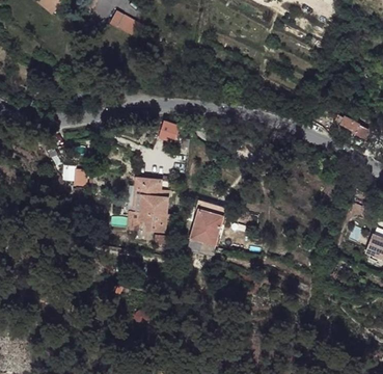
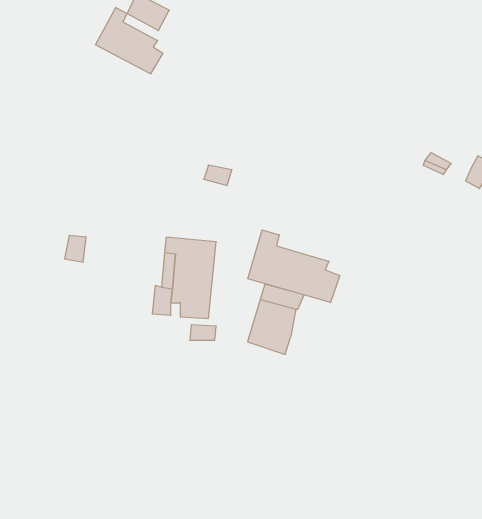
building: none -> [96,7,163,74]
building: none -> [248,230,340,303]

